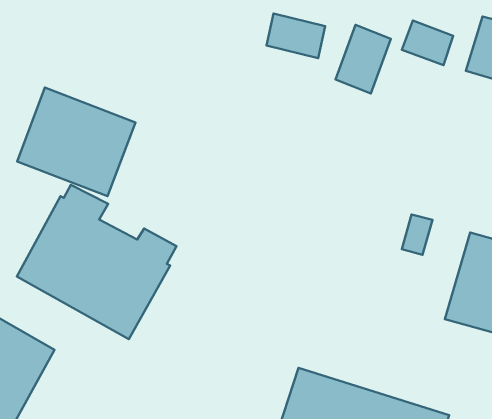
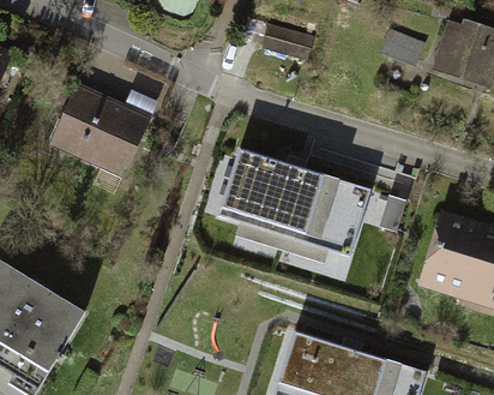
building: [335,25,391,93] -> none
building: none -> [218,146,369,262]
building: [17,185,177,339] -> none

